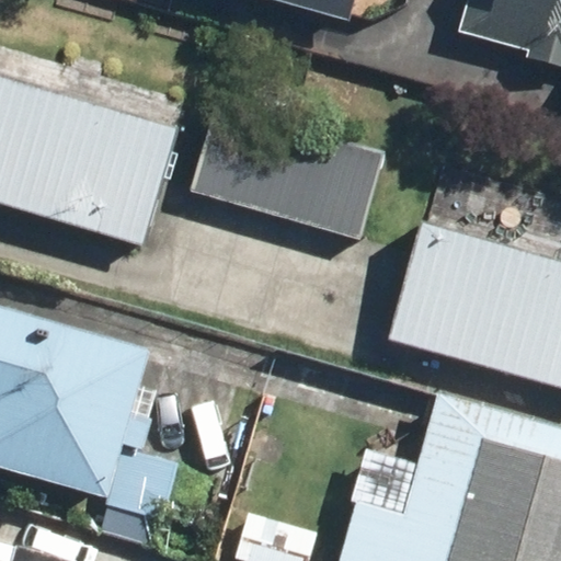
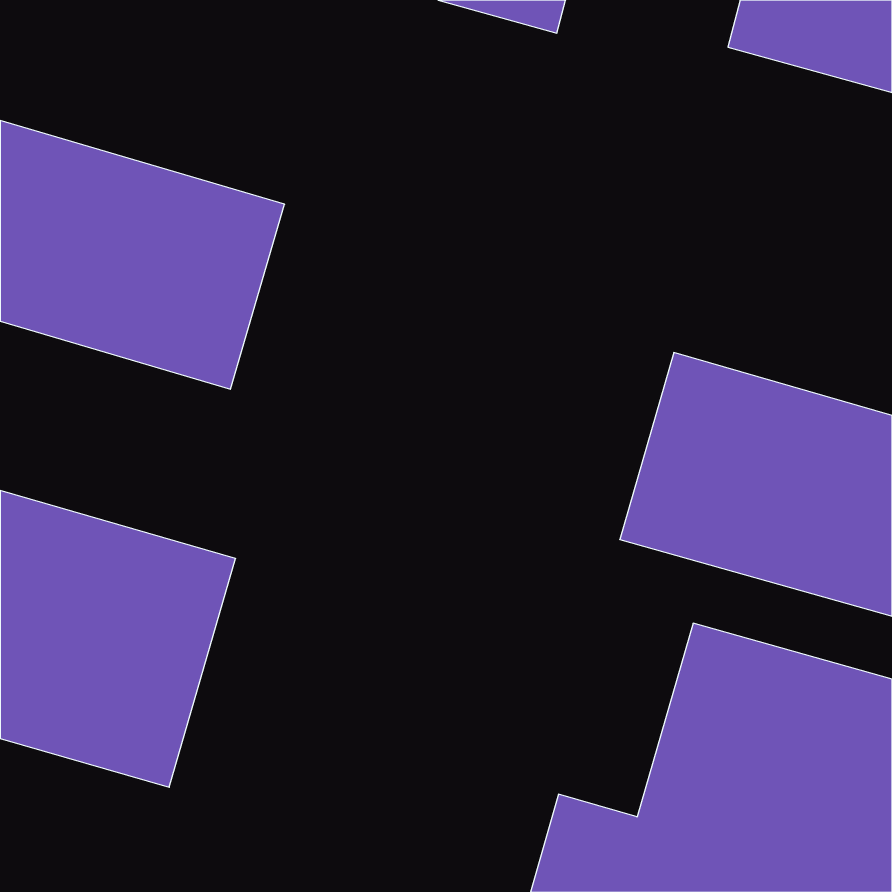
building: [188,103,385,239] -> none

